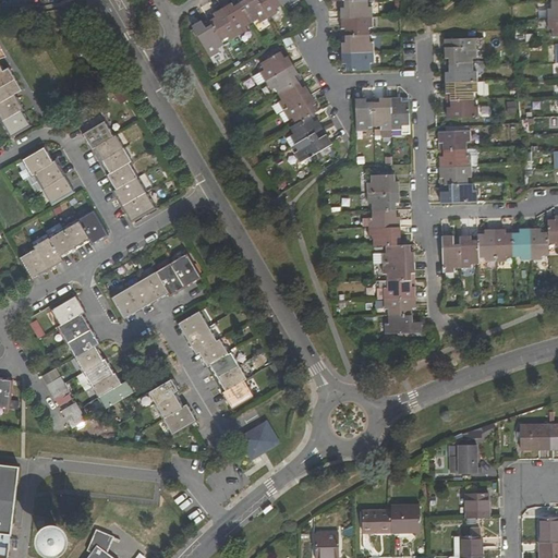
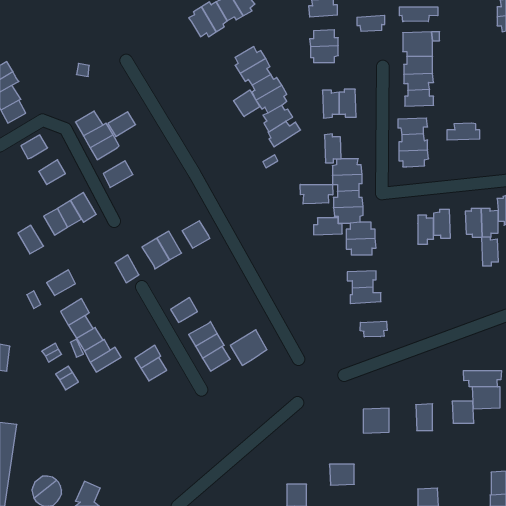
building: none -> [399,7,438,22]
building: [340,16,371,34] -> [357,15,385,31]
building: [191,20,222,56] -> none
building: [390,97,409,129] -> [324,134,341,163]
building: none -> [234,90,260,117]
building: [34,161,63,189] -> none
building: [107,162,137,190] -> [108,112,136,137]
building: [439,182,475,201] -> [447,123,480,140]
building: [121,192,155,220] -> none
building: none -> [300,184,333,204]
building: [494,230,512,262] -> [482,237,498,266]
building: [440,236,459,271] -> none
building: [33,238,62,270] -> none
building: none -> [182,221,210,248]
building: [141,271,169,302] -> none
building: [381,280,413,299] -> [314,218,342,235]
building: [111,289,138,319] -> none
building: [178,312,208,340] -> none
building: [58,313,89,342] -> none
building: [198,340,229,367] -> none
building: none -> [360,321,387,337]
building: [163,405,195,434] -> none
building: none -> [463,371,502,387]
building: [238,421,278,460] -> [230,330,267,365]
building: [464,494,488,518] -> [452,401,474,423]
building: [389,506,417,533] -> [363,408,389,433]

